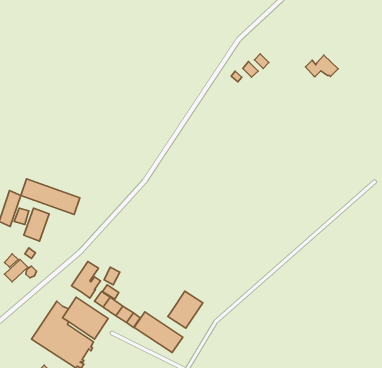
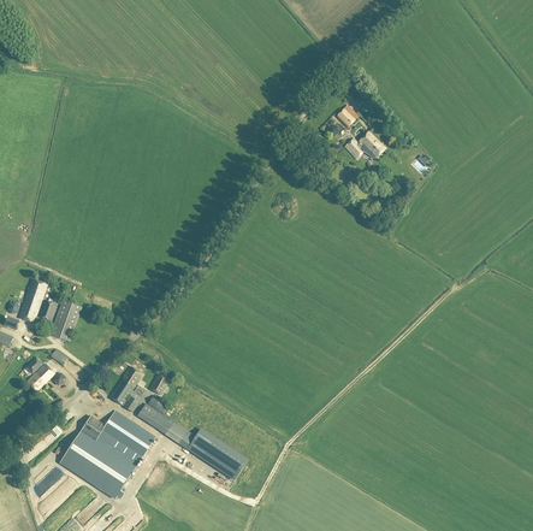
building: [305,55,338,76] -> [344,131,385,158]
building: [21,179,80,215] -> none
building: [168,291,203,328] -> none

